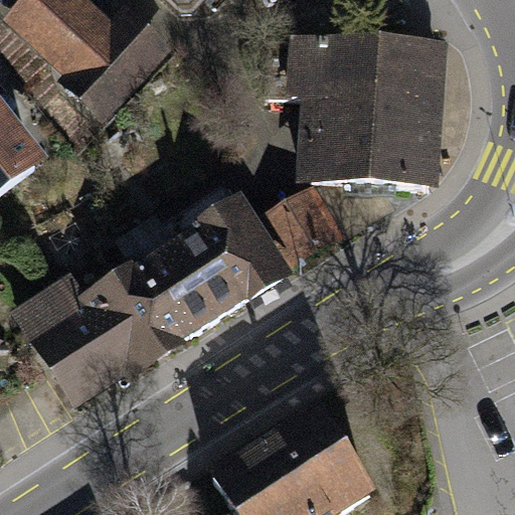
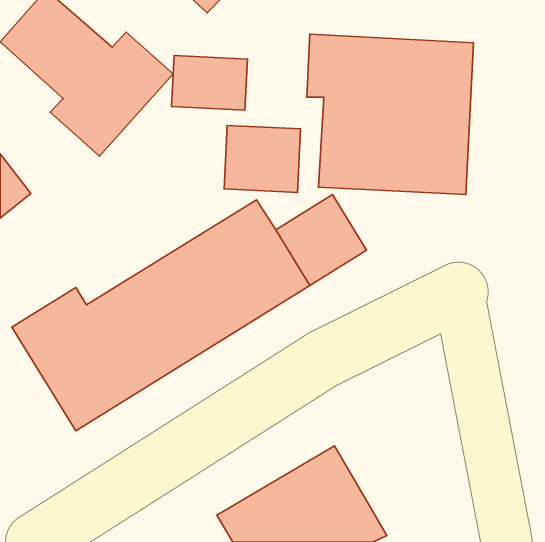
building: none -> [171,56,247,110]
building: none -> [224,125,301,192]

